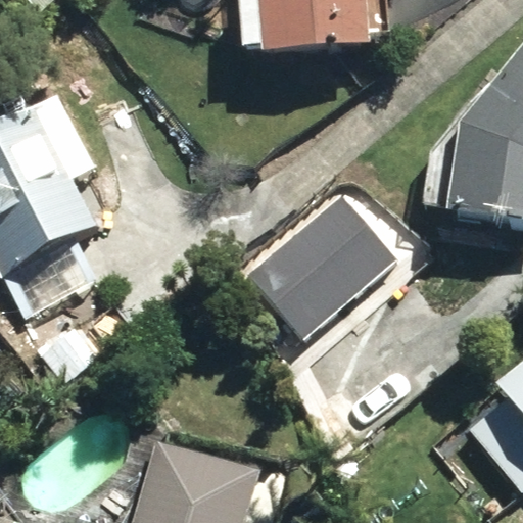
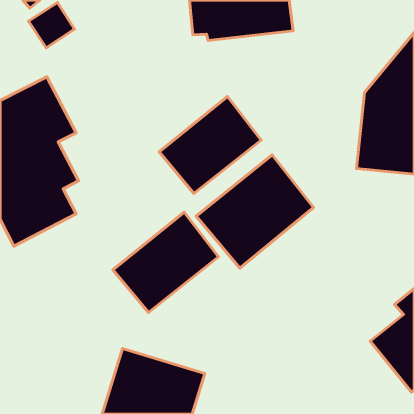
building: none -> [159,97,261,194]
building: none -> [113,212,219,313]

